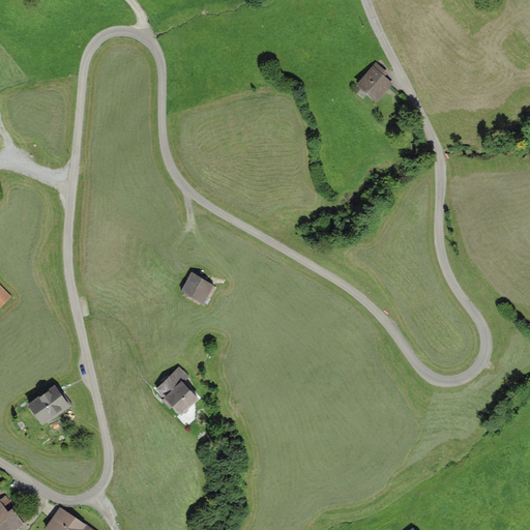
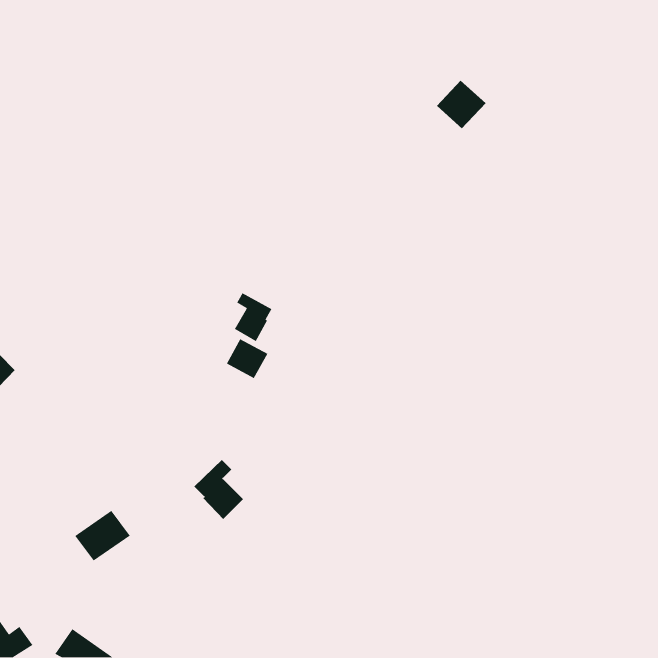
building: none -> [234,292,273,342]
building: [26,386,71,428] -> [74,510,131,562]

